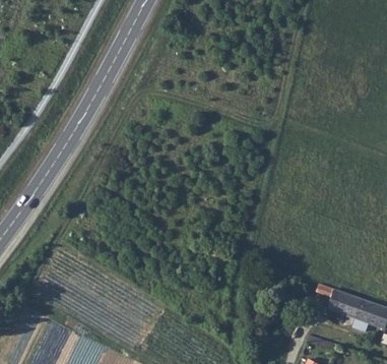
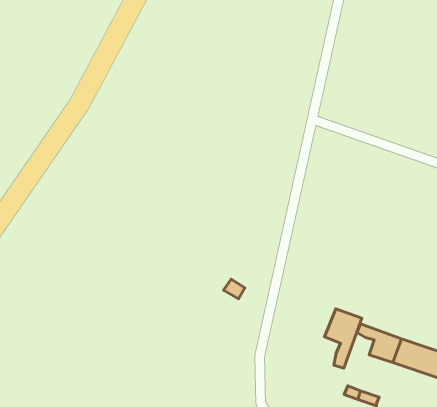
building: none -> [324,309,362,368]

